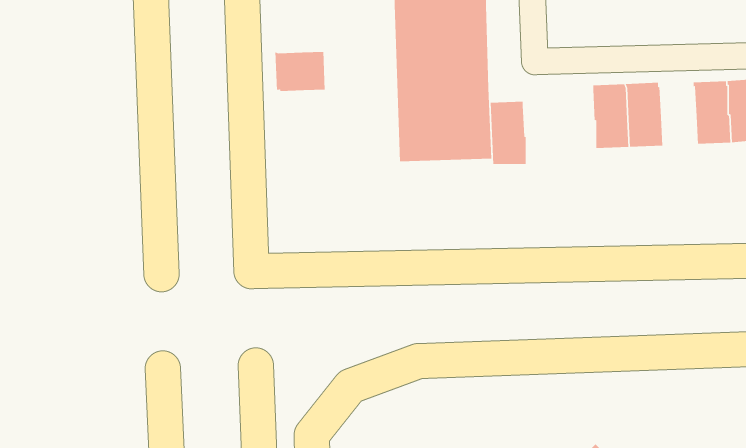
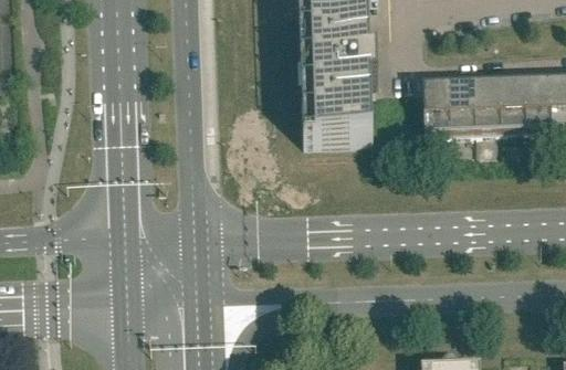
building: [275,51,325,92] -> none
building: none -> [499,80,527,127]
building: [490,101,527,164] -> [423,82,451,129]

